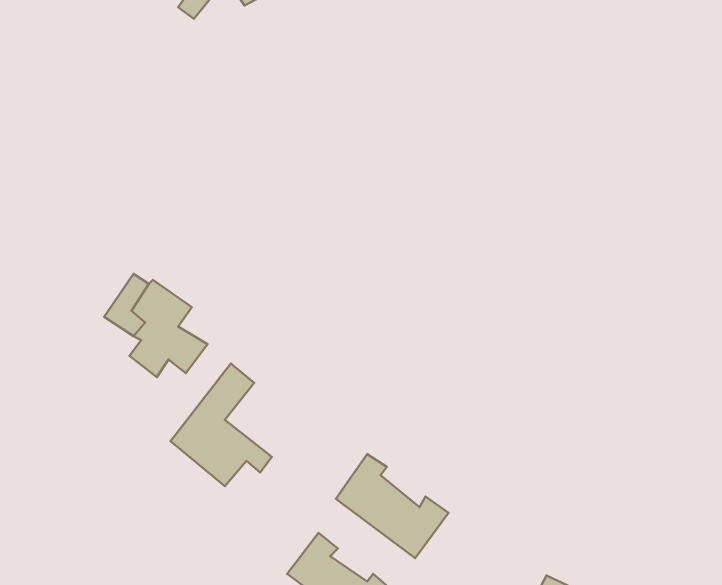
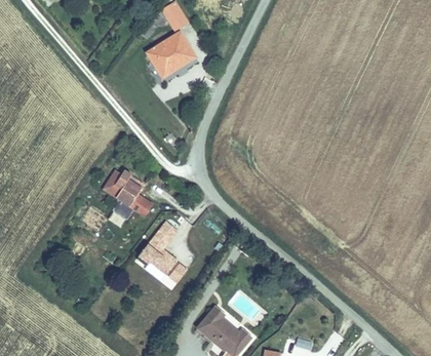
building: none -> [148,33,196,78]
building: [336,454,448,558] -> none

